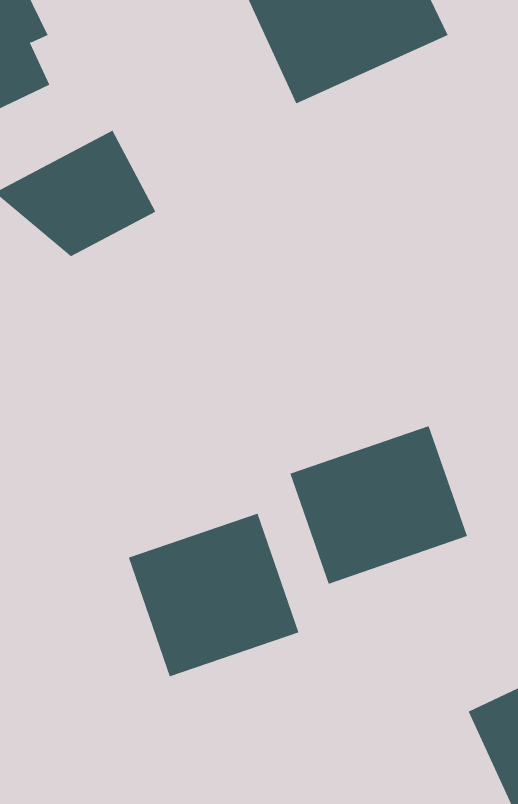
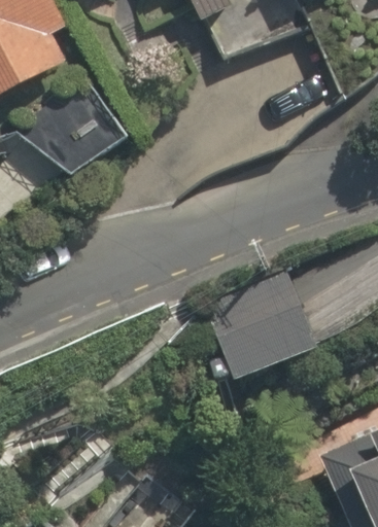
building: [128,513,299,677] -> none

